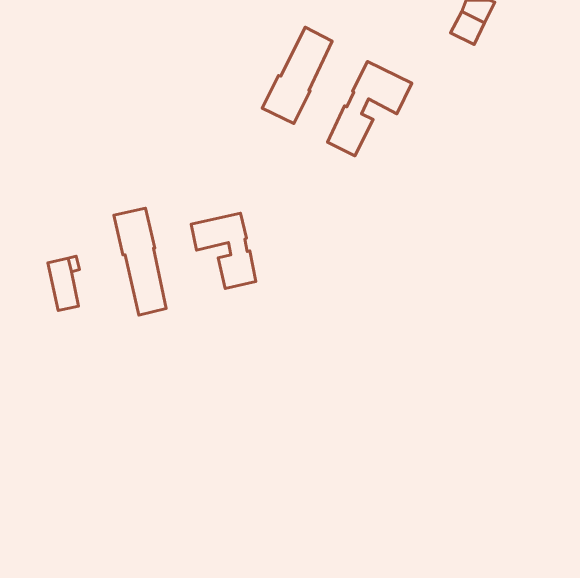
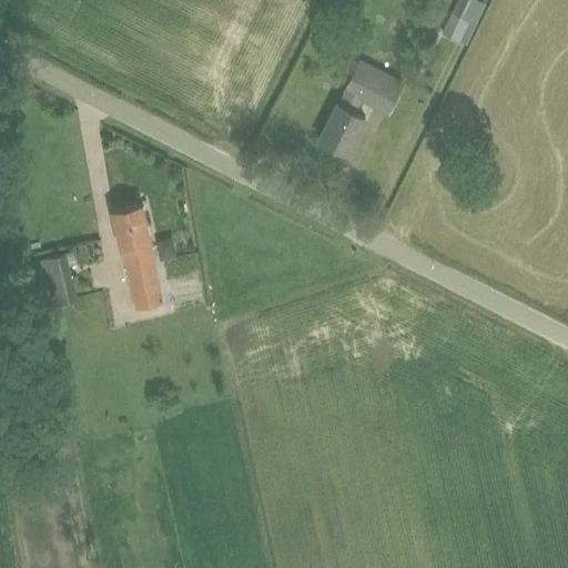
building: [262,27,332,123] -> none
building: [191,213,256,288] -> none

